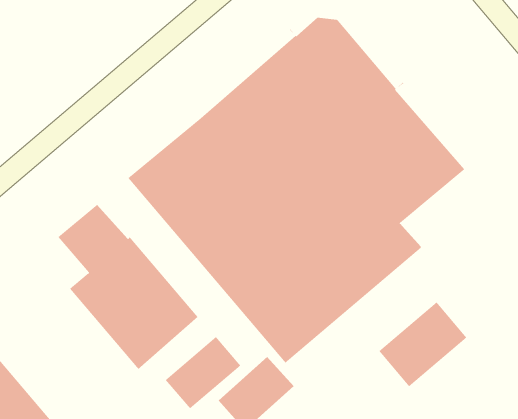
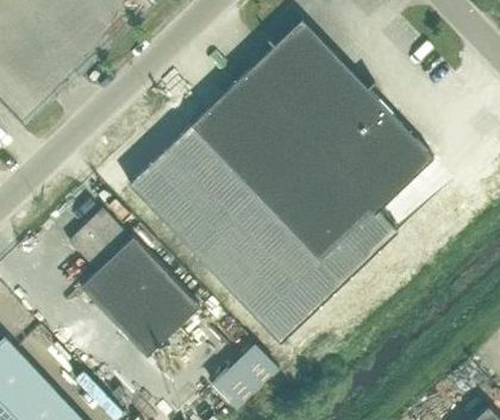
building: [378,302,467,387] -> none
building: [165,336,241,409] -> none

